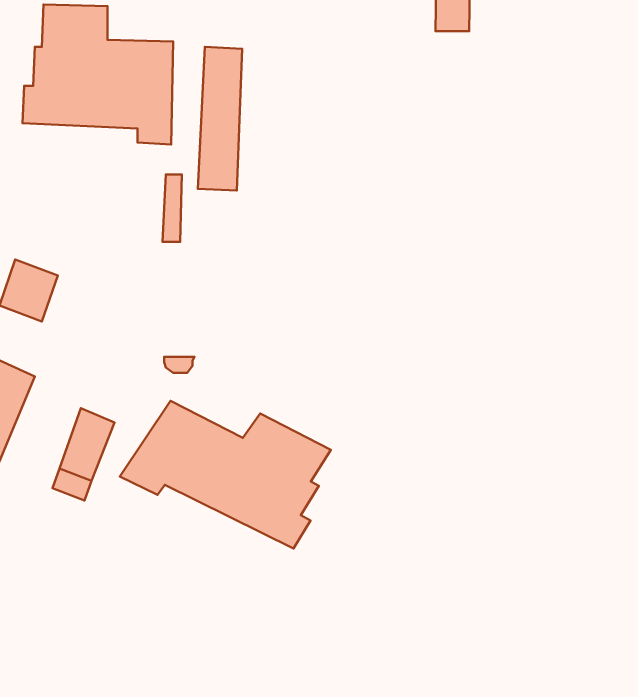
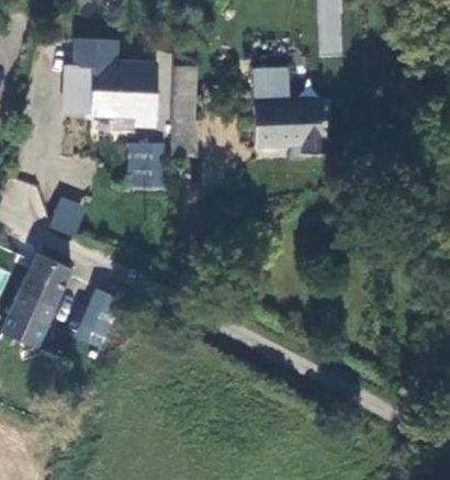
building: none -> [251,69,325,160]
building: none -> [126,143,150,186]
building: [120,401,331,548] -> none

